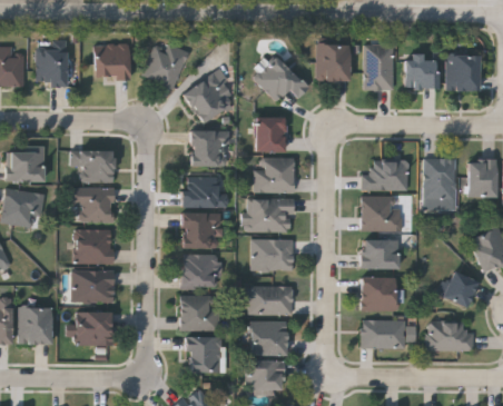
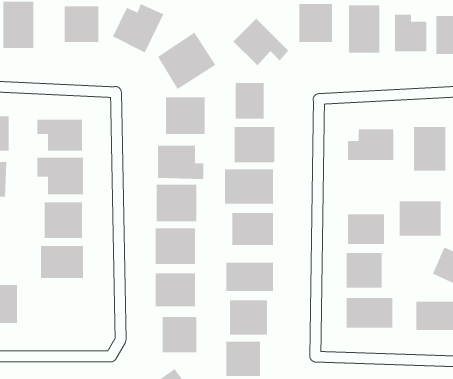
building: [362,197,402,230] -> [399,201,441,236]
building: [77,311,114,344] -> none

